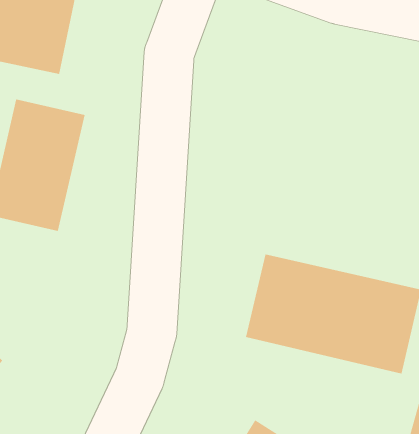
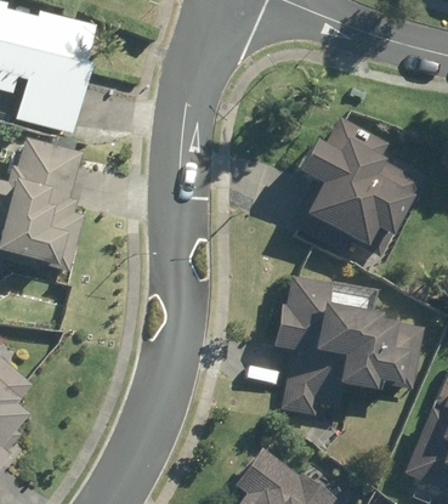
building: none -> [308,142,418,257]

